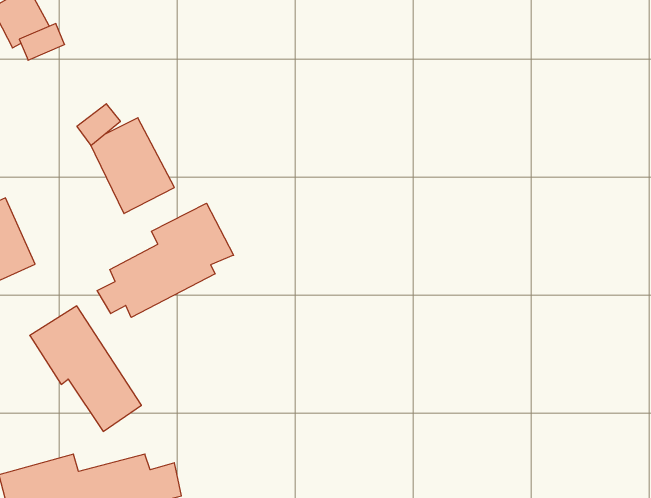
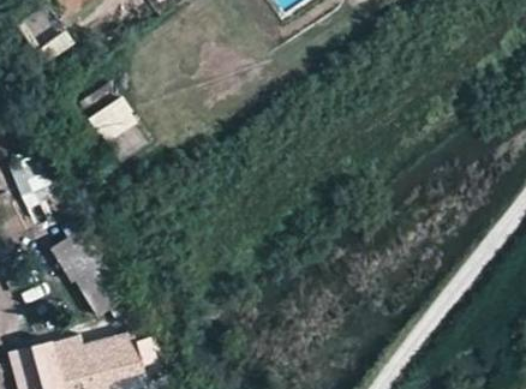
building: [97,203,234,317] -> none

